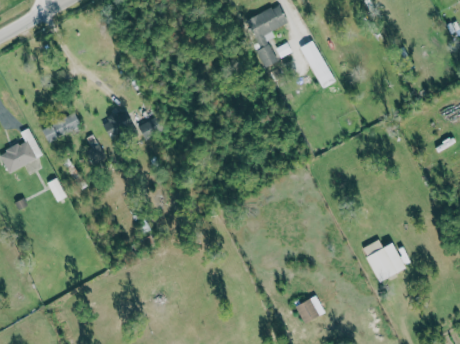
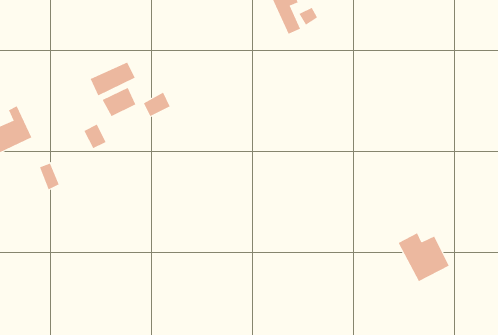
building: [299,40,335,88] -> none
building: [41,113,81,143] -> [90,62,136,96]
building: [297,295,325,322] -> none

